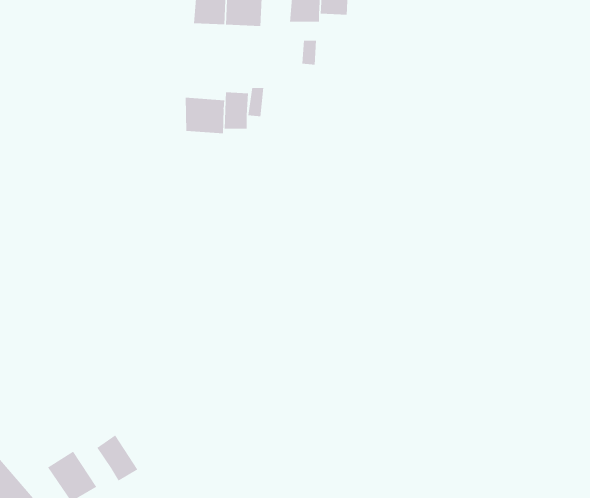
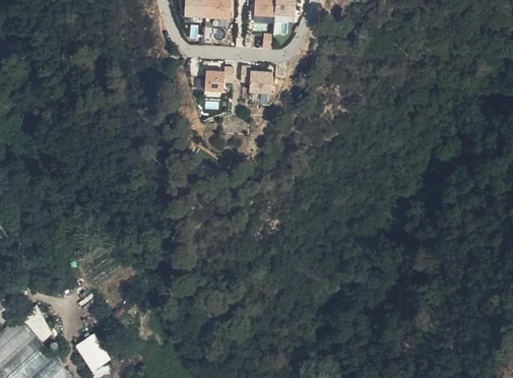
building: none -> [241,65,271,93]
building: [185,97,225,134] -> none
building: [96,434,138,482] -> none

